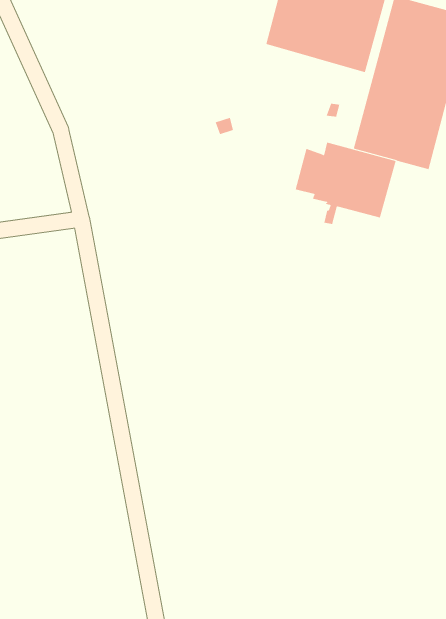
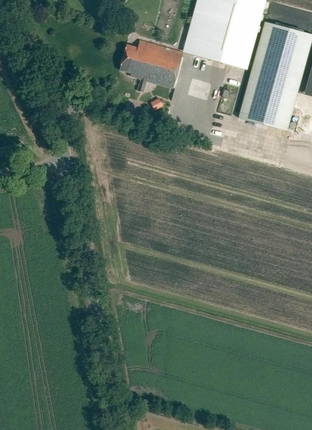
building: [295,142,396,224] -> [120,40,184,92]

